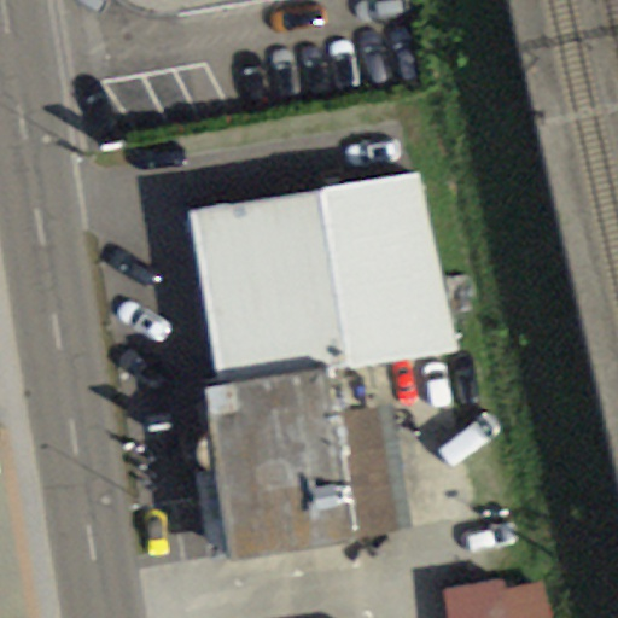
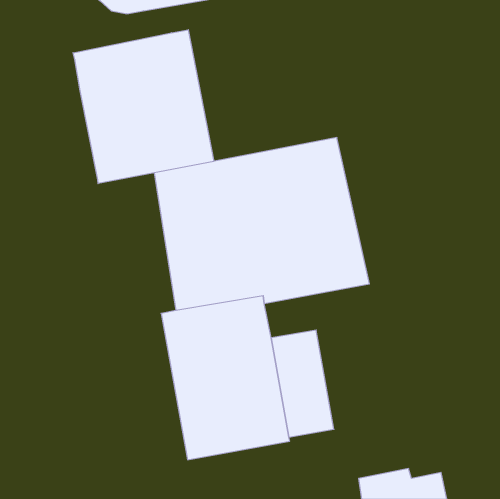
building: none -> [73,30,214,184]

